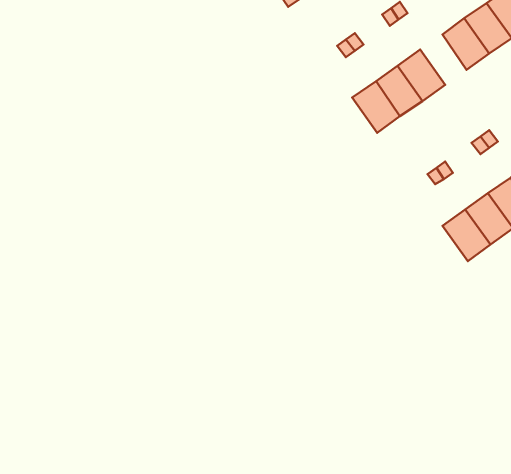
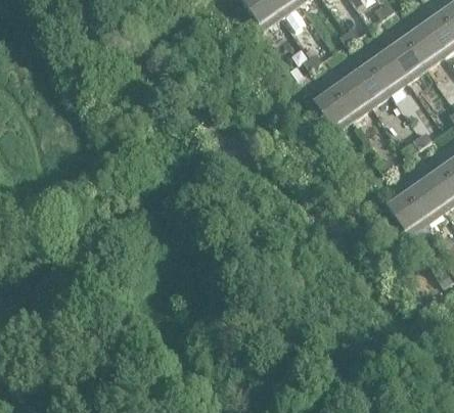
building: none -> [369,47,407,88]

